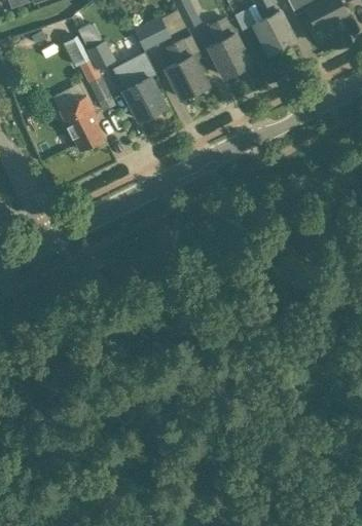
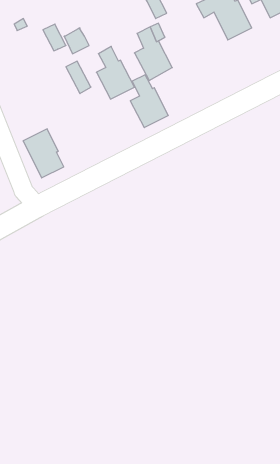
building: [208,17,250,76] -> [130,75,168,128]
building: [134,18,169,50] -> none
building: [59,96,104,150] -> [23,129,64,178]

